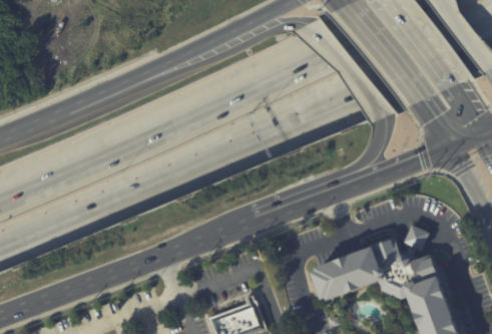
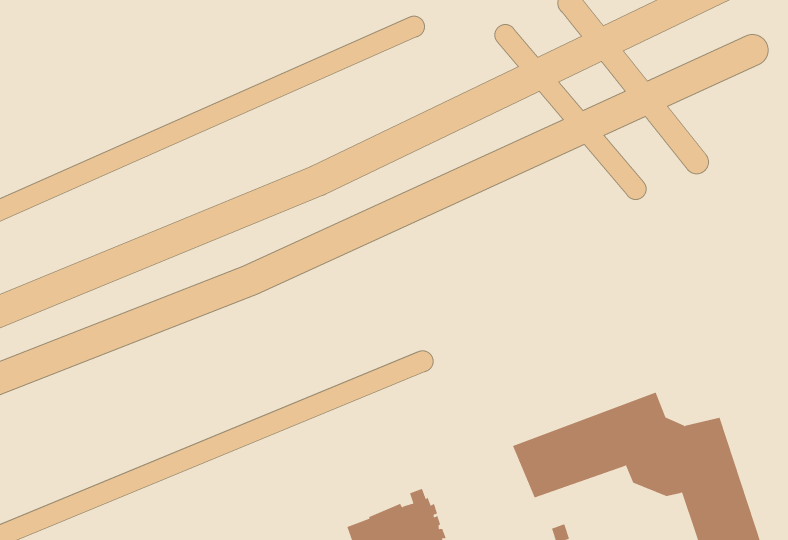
building: [404,225,429,250] -> none

